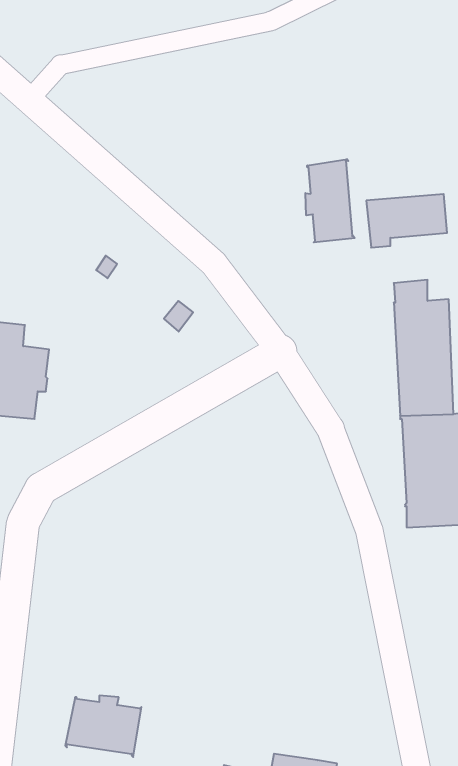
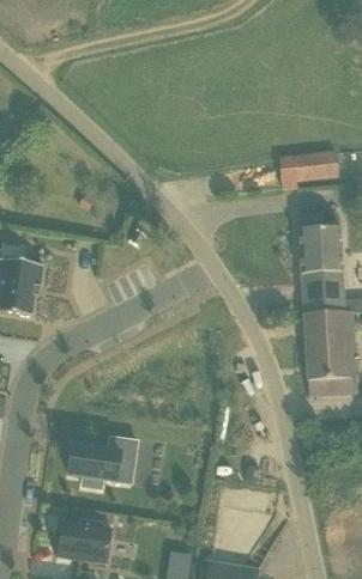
building: [305,159,355,242] -> none
building: none -> [67,438,135,489]

